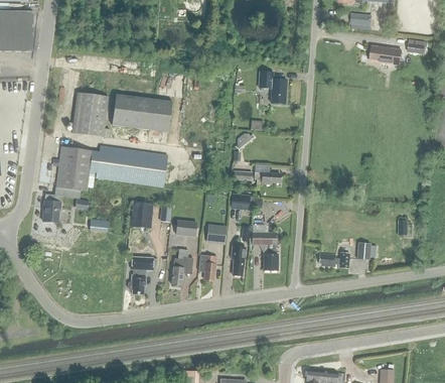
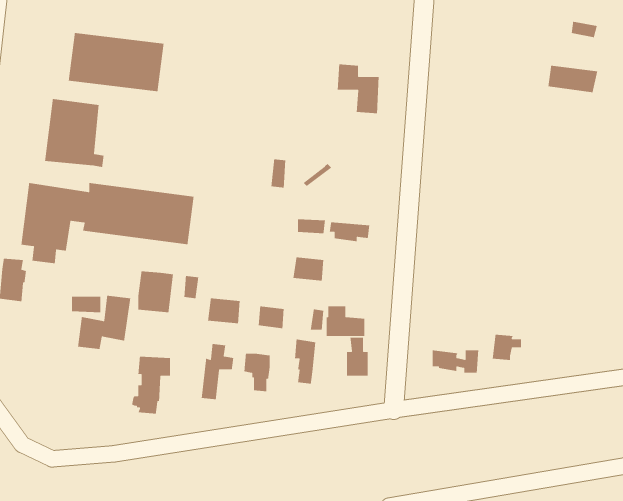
building: [368,45,401,63] -> [547,65,598,93]
building: [111,93,172,131] -> [68,32,164,92]
building: none -> [77,295,131,350]

